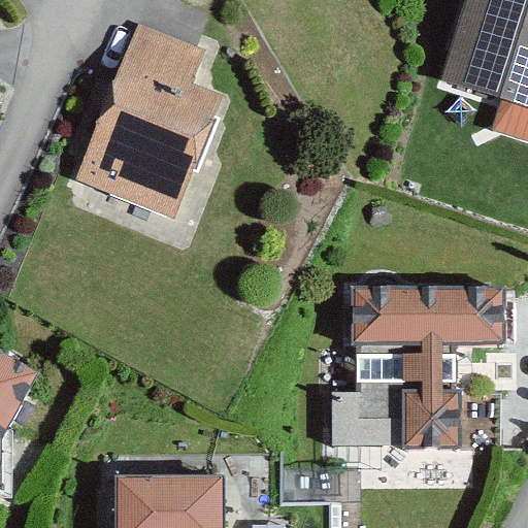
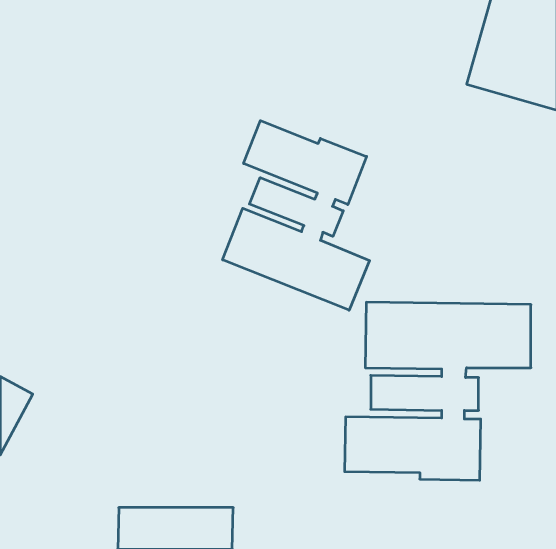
building: [78,26,220,217] -> none
building: none -> [223,121,370,310]

